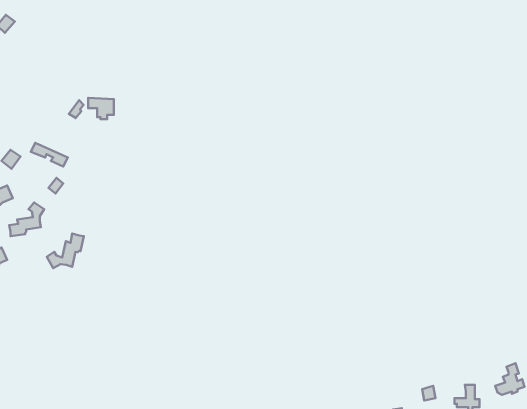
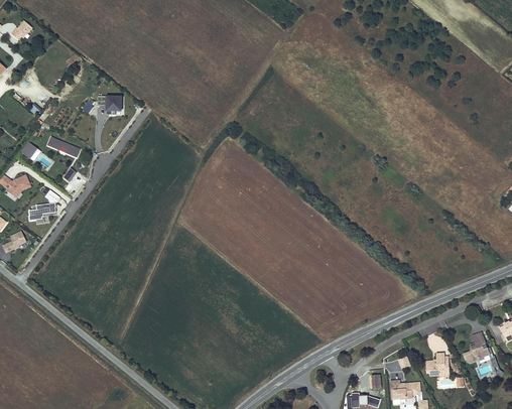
building: [47,234,84,268] -> none

